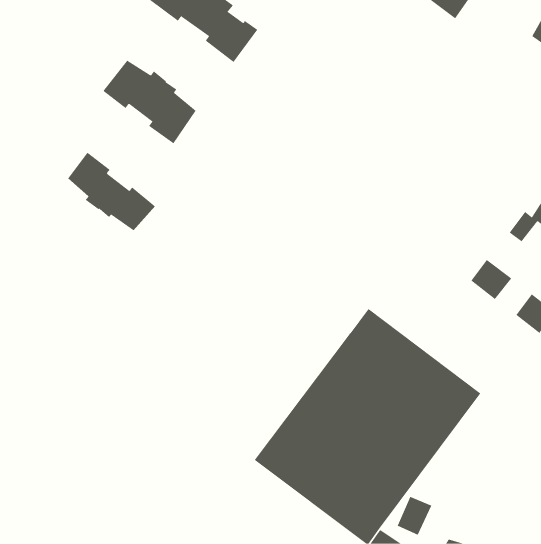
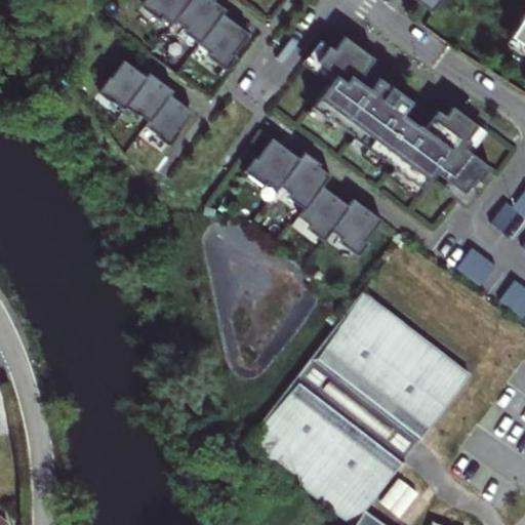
building: none -> [311,34,487,195]
building: none -> [250,137,380,252]
building: [68,152,156,231] -> none

